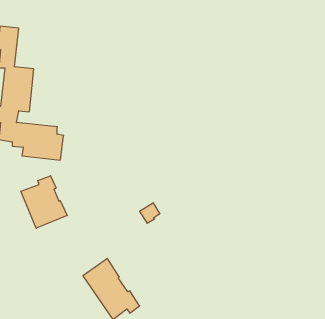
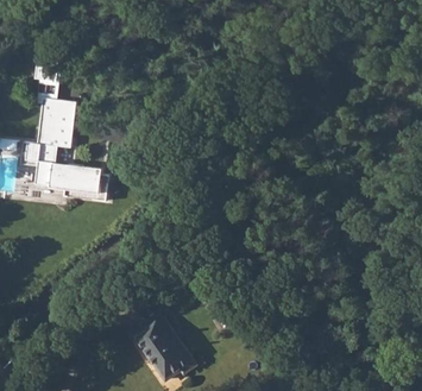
building: [21,176,67,228] -> none

